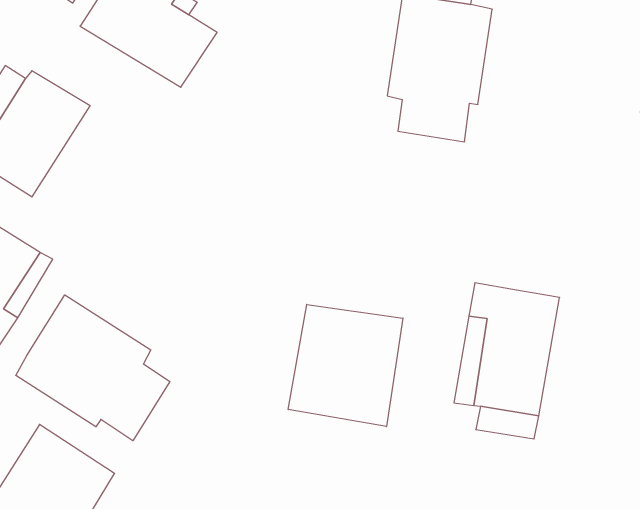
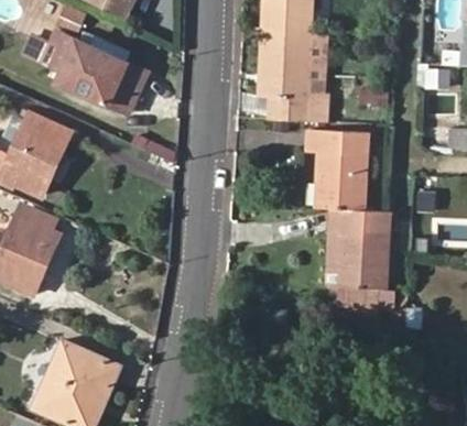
building: none -> [305,129,363,212]
building: [16,295,170,441] -> none
building: [288,304,403,427] -> none

